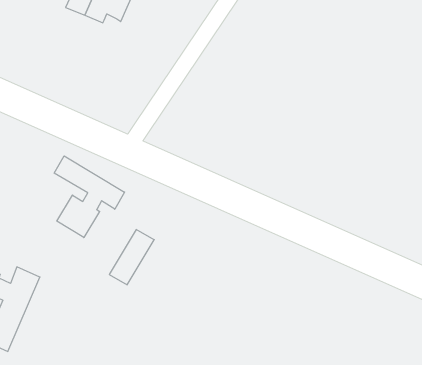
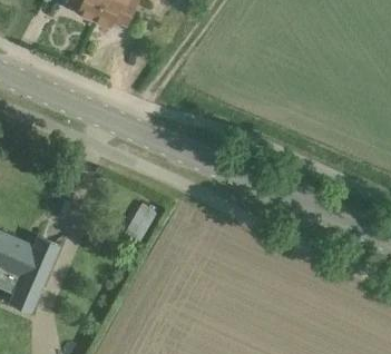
building: [54,156,125,238] -> none

